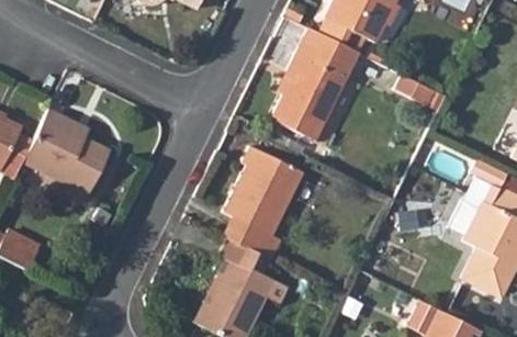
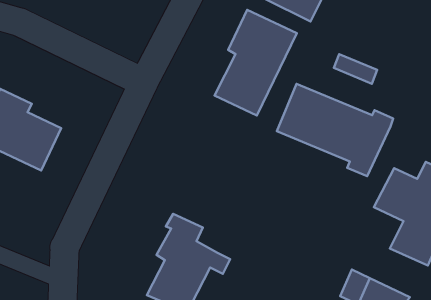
building: none -> [277,84,393,176]
building: [226,145,306,257] -> none

